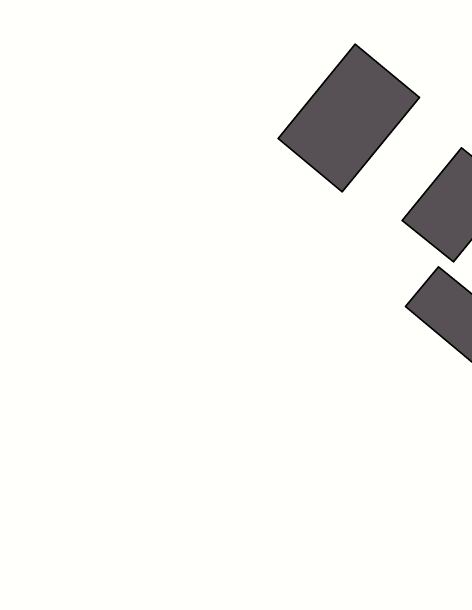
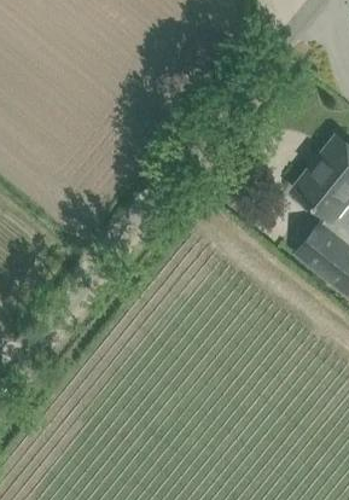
building: [278,44,419,192] -> none

